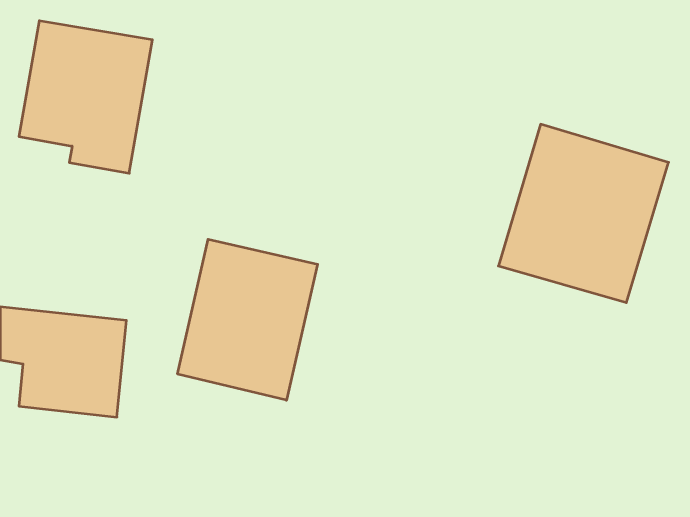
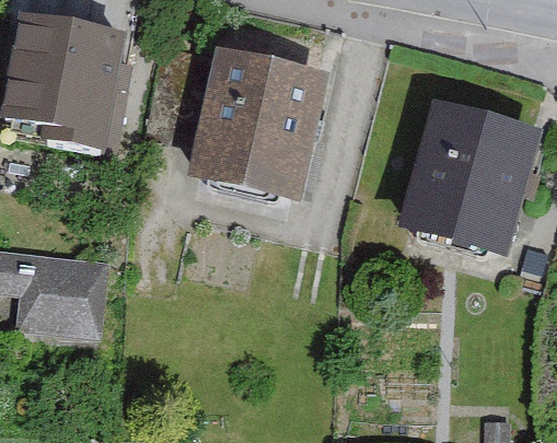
building: none -> [196,51,325,189]
building: [178,239,318,400] -> none

